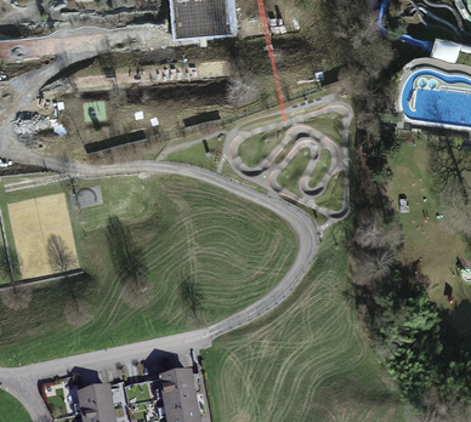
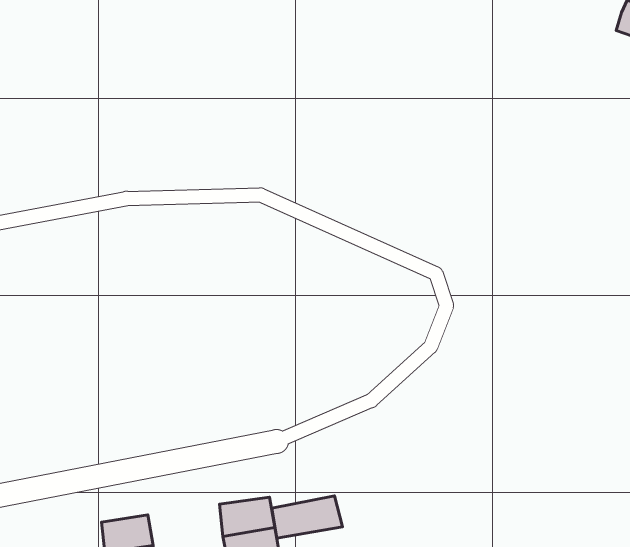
building: none -> [272,496,342,538]

